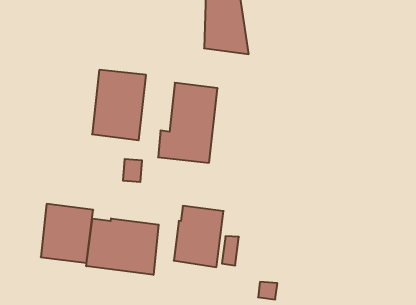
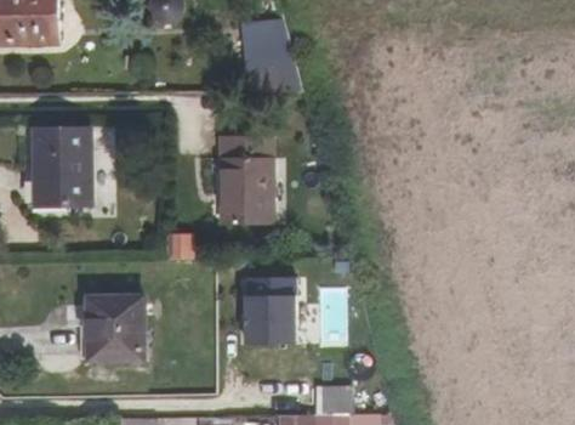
building: [92,70,146,140] -> [34,129,91,206]
building: [86,218,159,275] -> none

